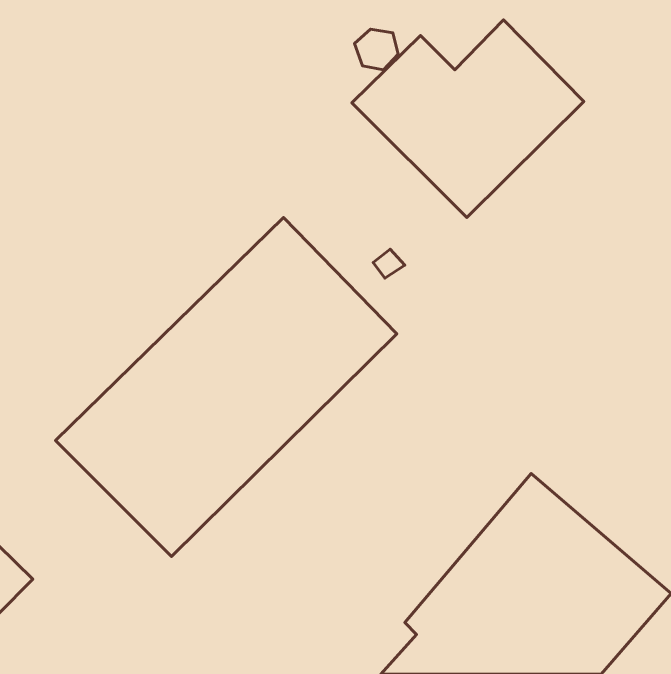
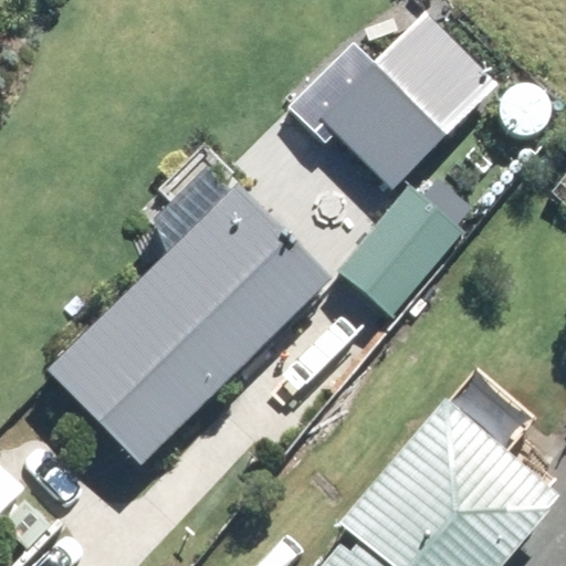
building: none -> [326,191,449,315]

